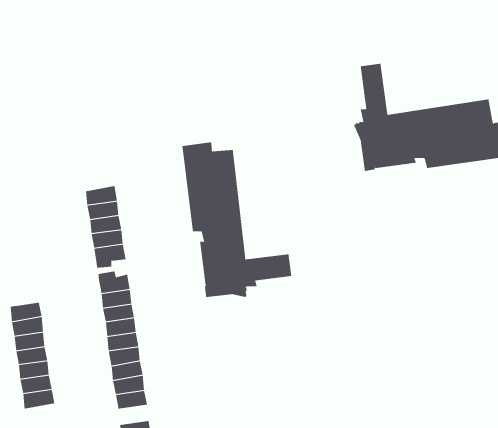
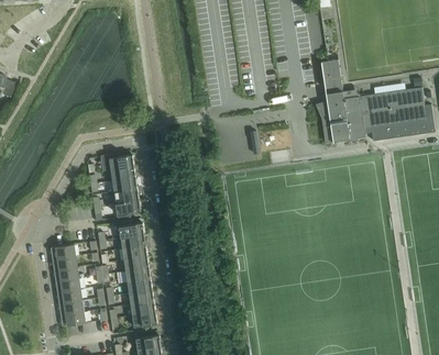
building: [182,141,292,299] -> none

